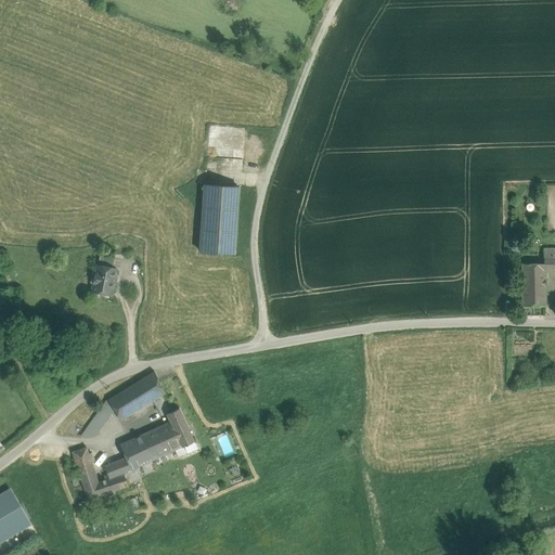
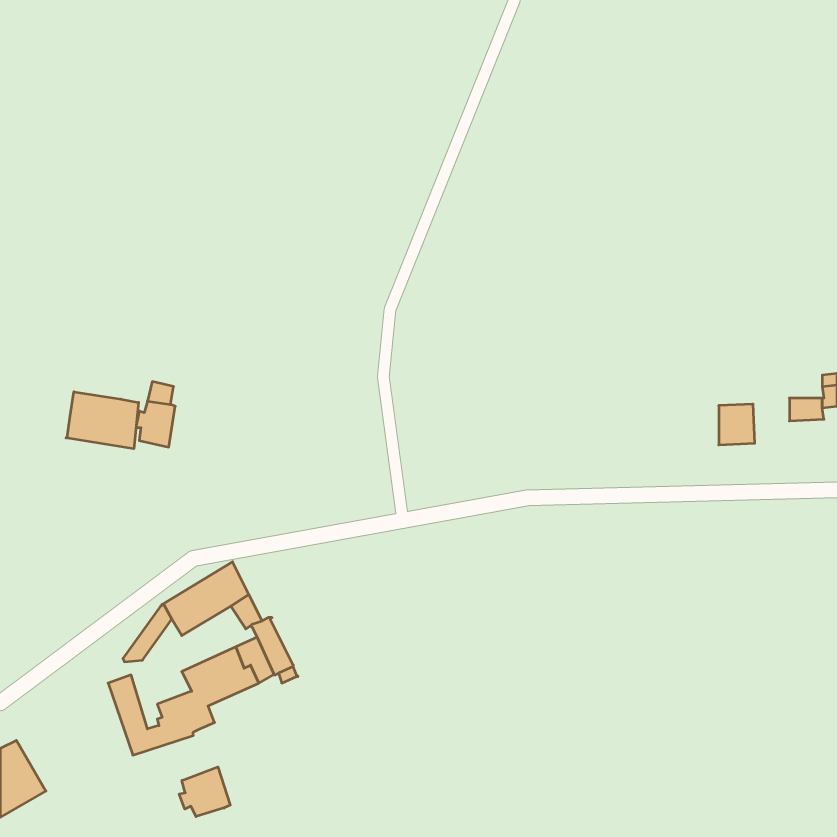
building: [201,184,238,254] -> none
building: none -> [66,392,139,449]
building: [522,278,546,305] -> [719,404,755,445]
building: none -> [179,767,230,817]

